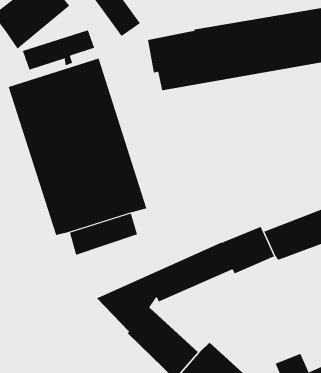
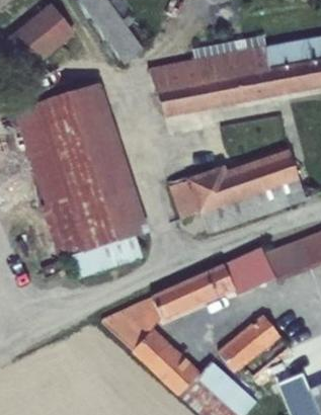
building: [22,30,95,71] -> none
building: none -> [170,148,306,233]
building: none -> [217,312,292,377]

